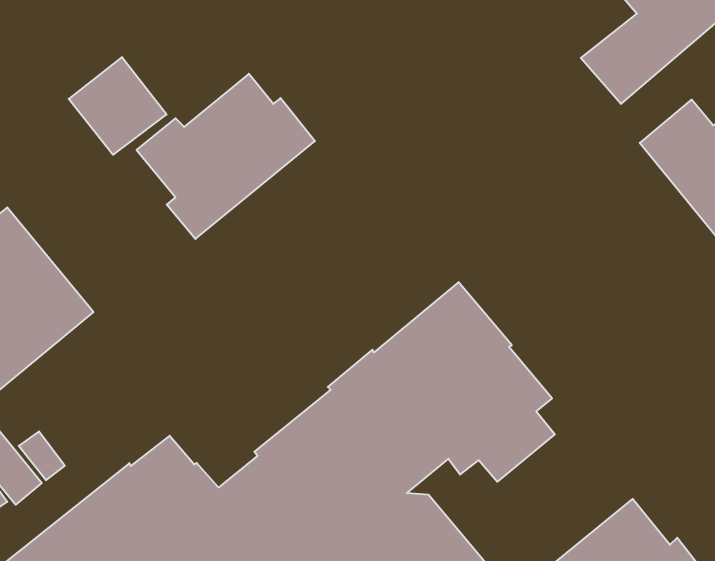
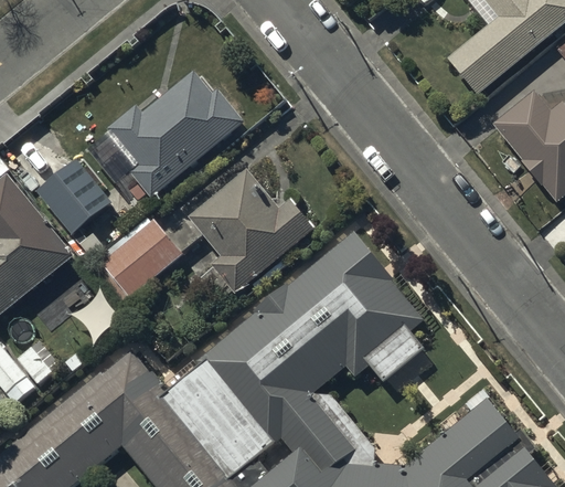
building: [69,57,167,155] -> [36,159,111,234]
building: none -> [188,170,315,303]
building: none -> [93,215,180,303]

